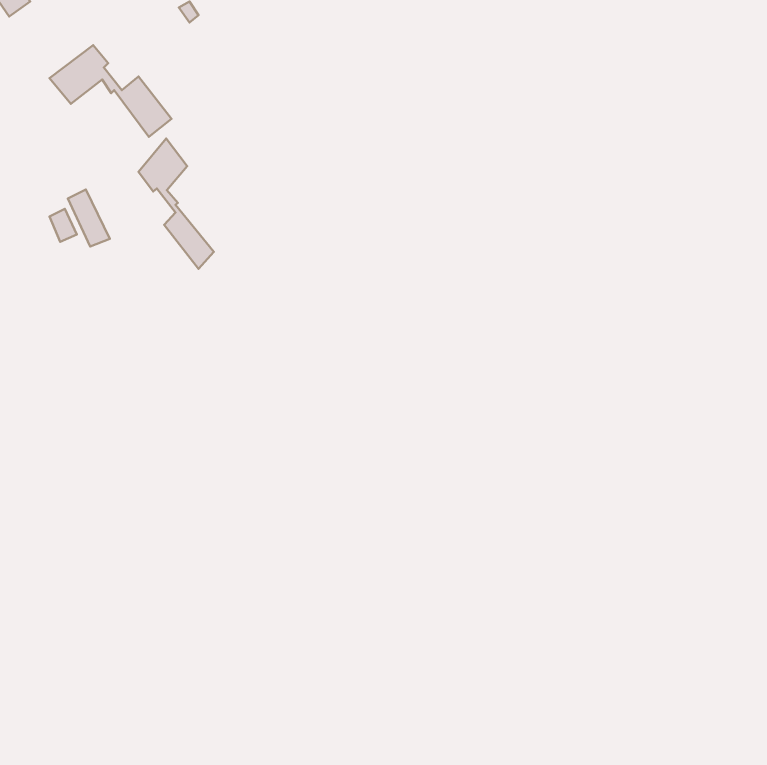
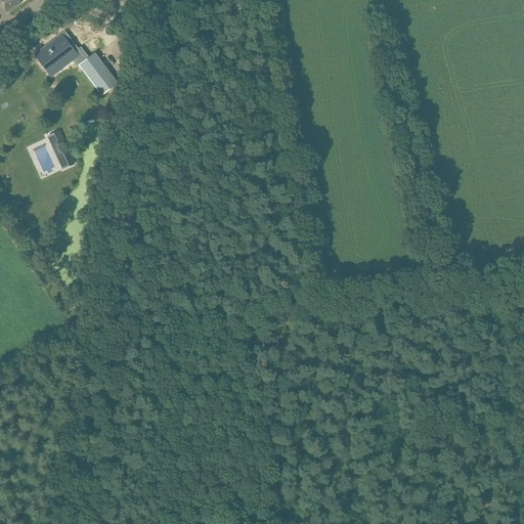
building: [138,138,214,269] -> none

